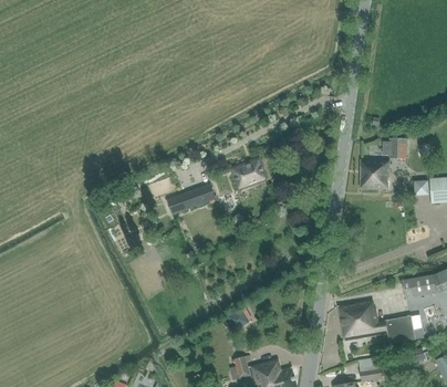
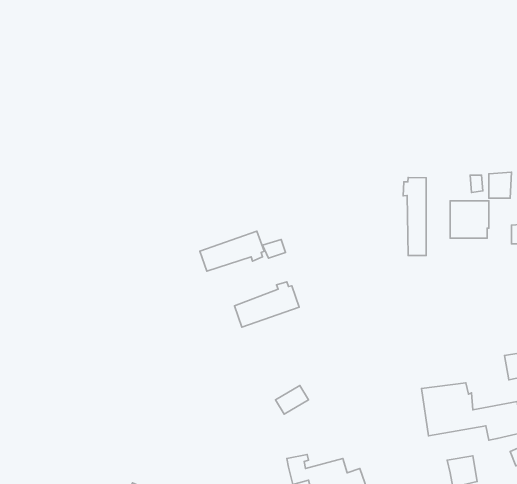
building: none -> [403,178,426,256]
building: [229,157,268,190] -> none
building: none -> [235,282,299,327]

